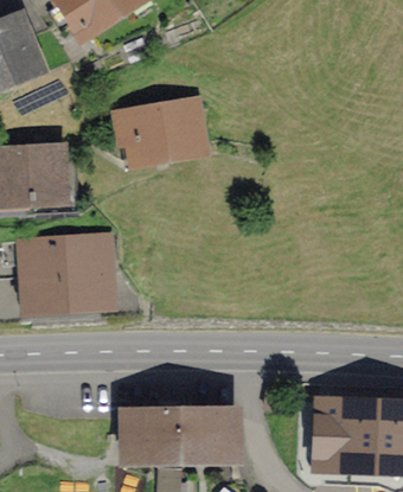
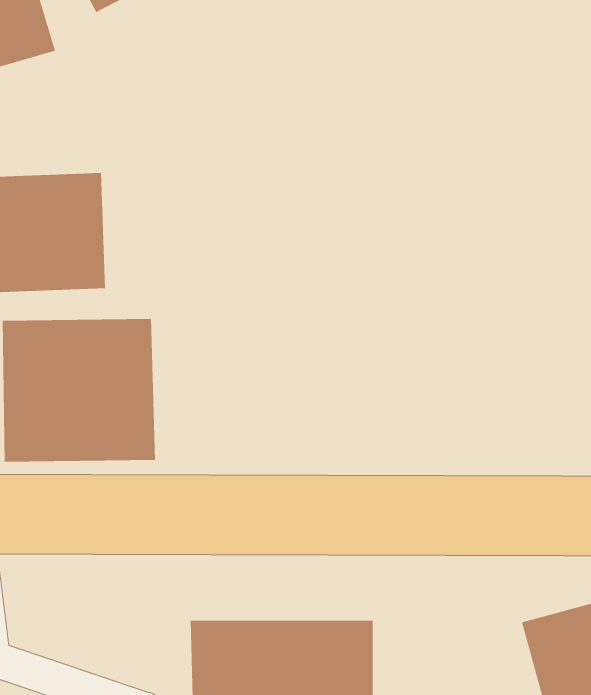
building: [105,92,207,178] -> none

